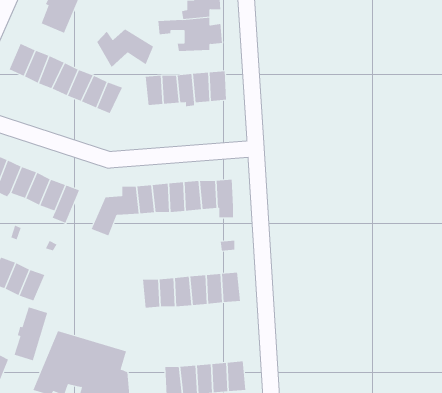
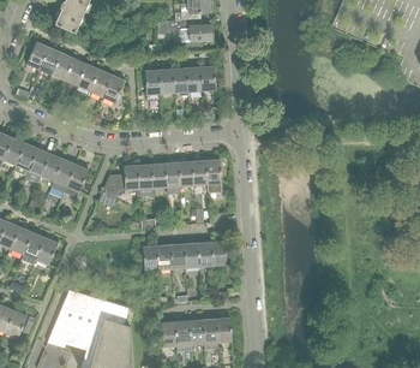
building: [96,29,154,68] -> none
building: [14,306,48,361] -> none

